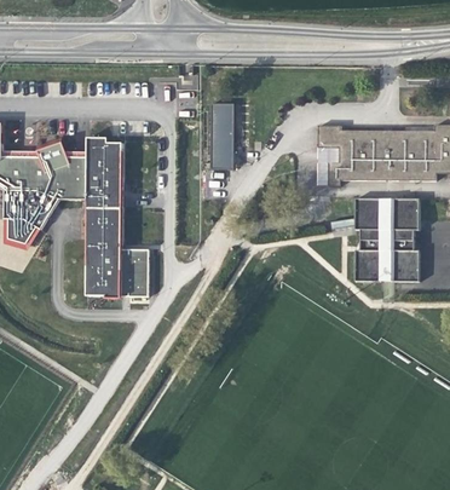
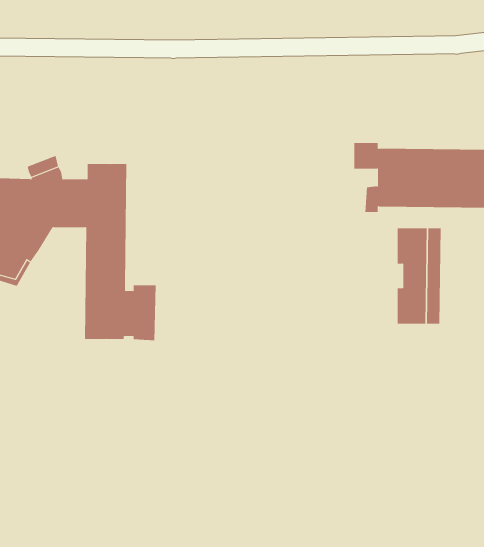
building: [210,103,233,168] -> none
building: [393,198,420,282] -> none

